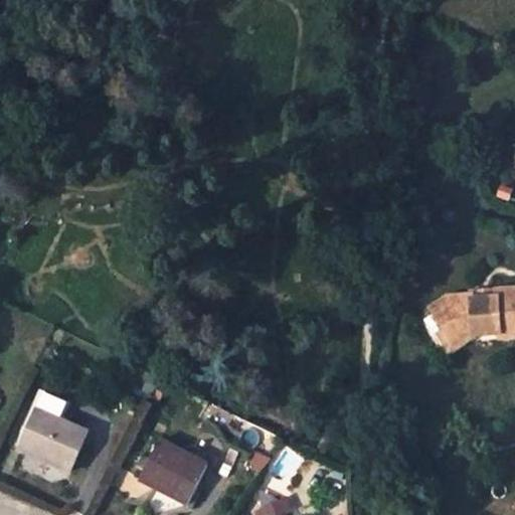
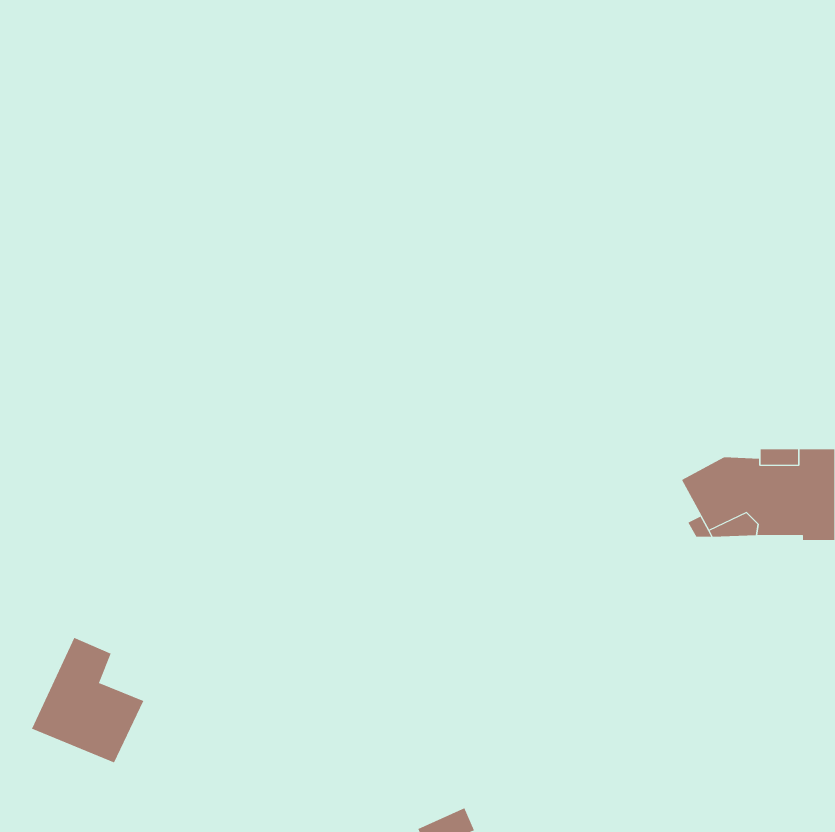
building: [139,443,208,506] -> none

